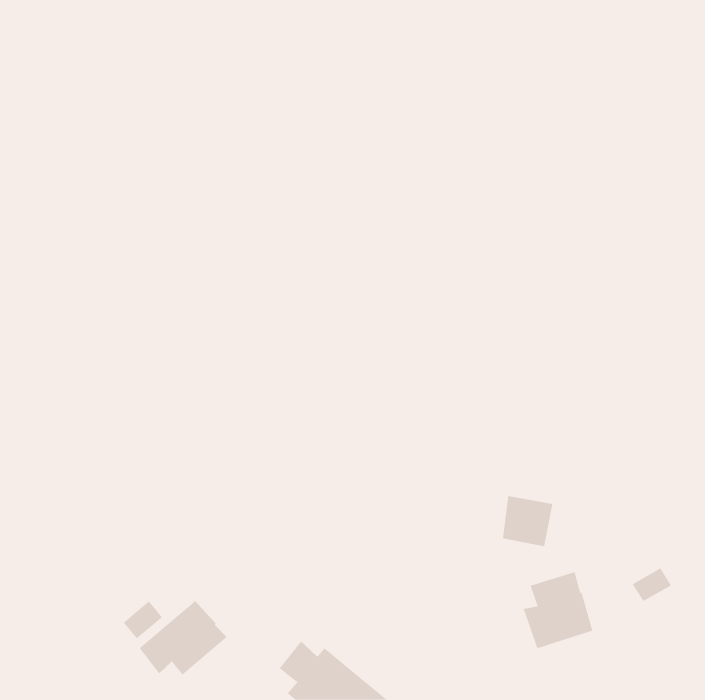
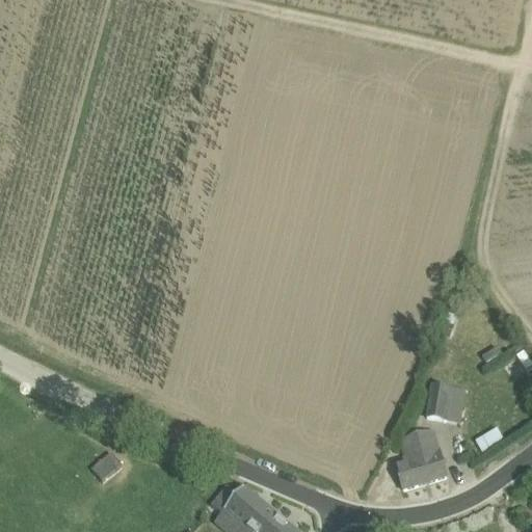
building: [502,496,553,547] -> [428,383,467,422]
building: [139,600,227,676] -> none

